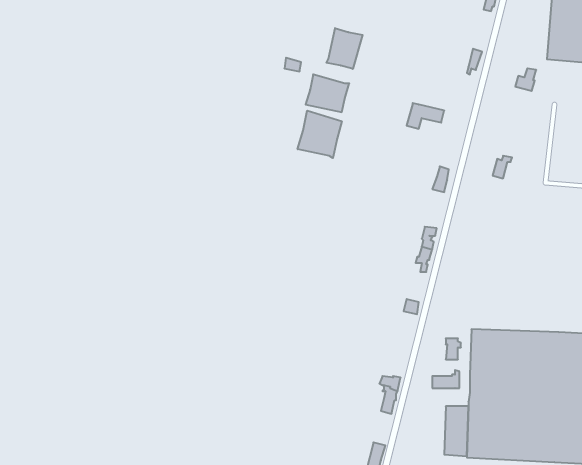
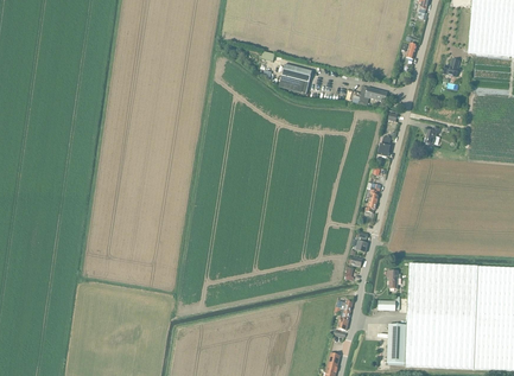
building: [326,28,363,69] -> none
building: [298,111,342,158] -> none

